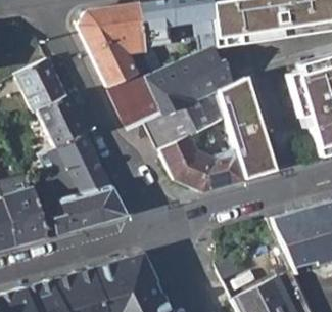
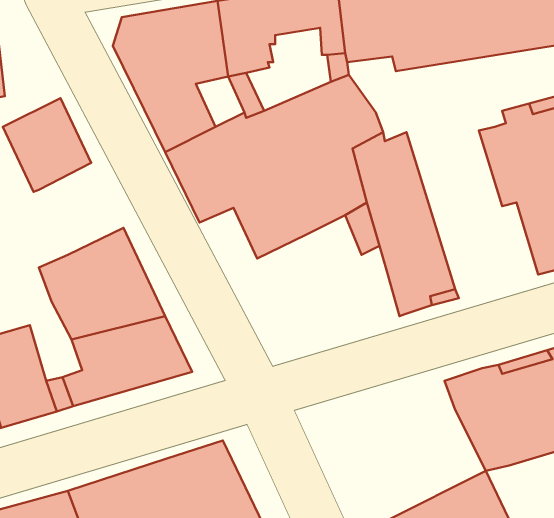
building: [38,95,86,147] -> none
building: [161,136,242,192] -> none

